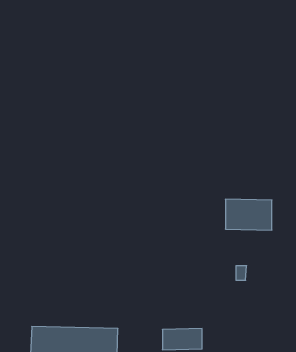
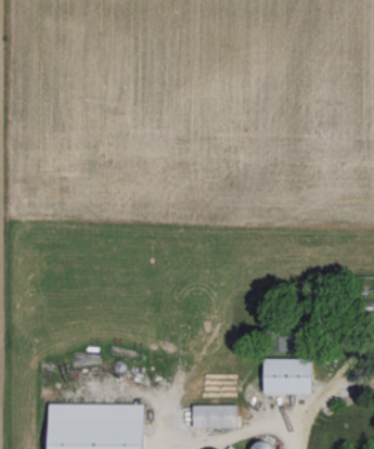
building: [225,199,272,230] -> [262,358,314,393]

